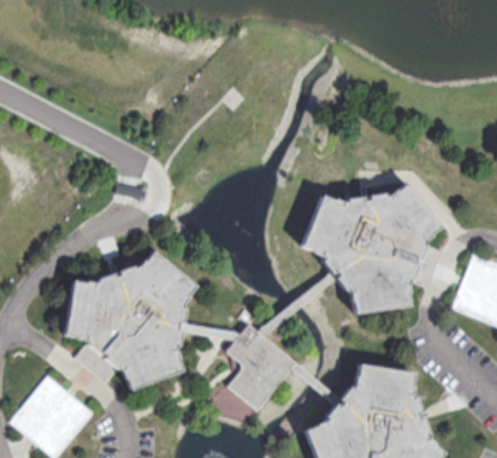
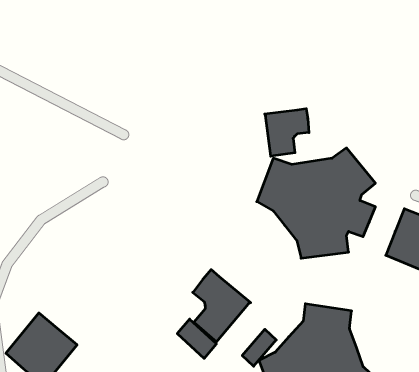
building: none -> [265,109,309,156]
building: [65,251,195,388] -> none
building: none -> [242,329,276,366]

